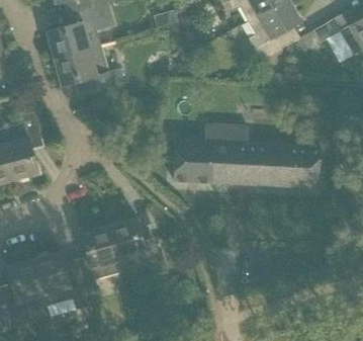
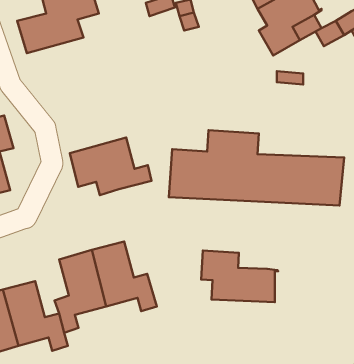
building: [54,45,122,93] -> [70,138,151,195]
building: none -> [201,251,278,302]

